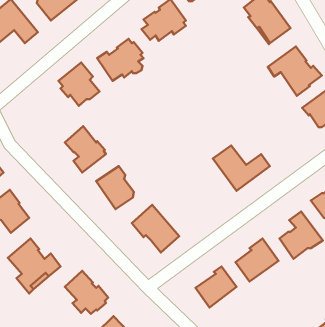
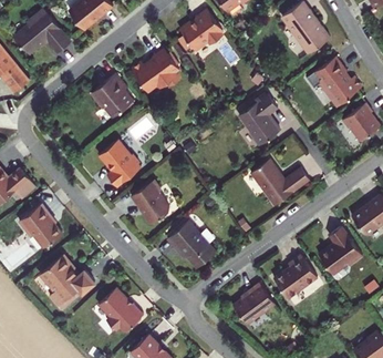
building: none -> [239,95,280,146]

